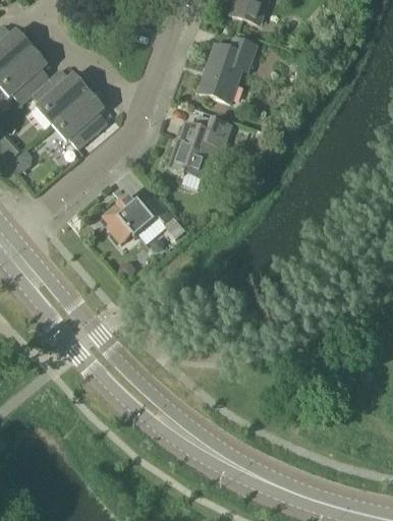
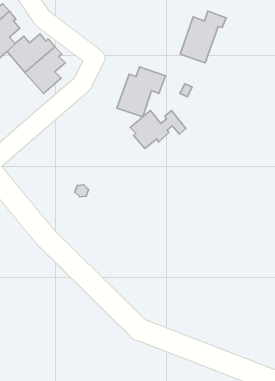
building: [199,37,257,102] -> [180,11,226,63]
building: [102,194,172,242] -> [130,111,186,149]

